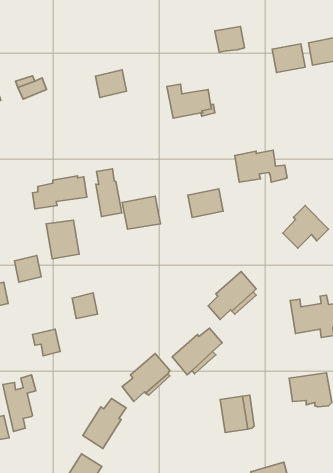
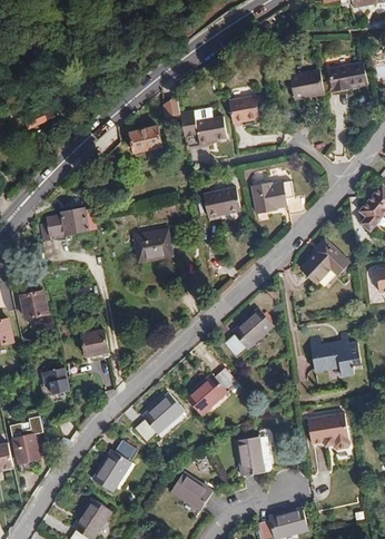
building: [215,27,245,52] -> [227,96,258,122]
building: [96,70,126,98] -> [129,125,161,154]
building: [96,169,122,216] -> none
building: [188,189,223,217] -> [203,187,239,217]
building: [46,220,79,259] -> none
building: none -> [170,471,213,511]

